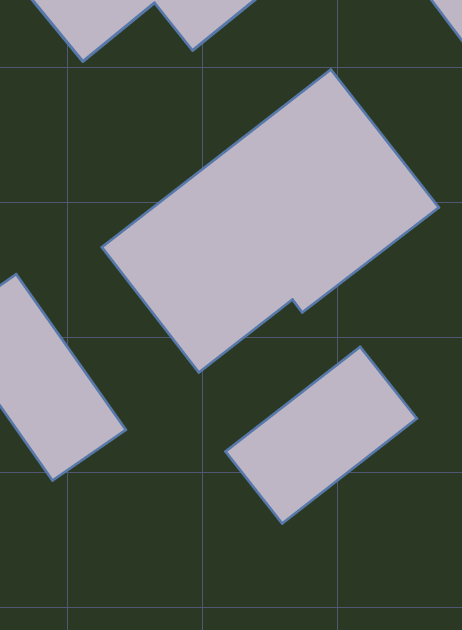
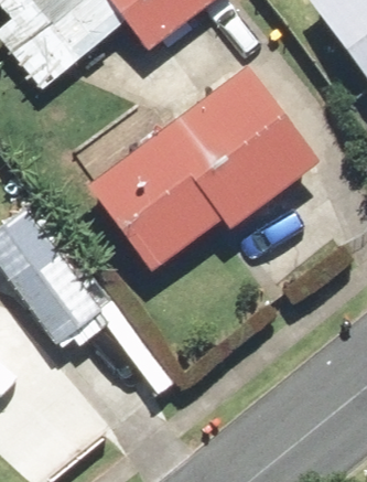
building: [225,347,417,523] -> none

